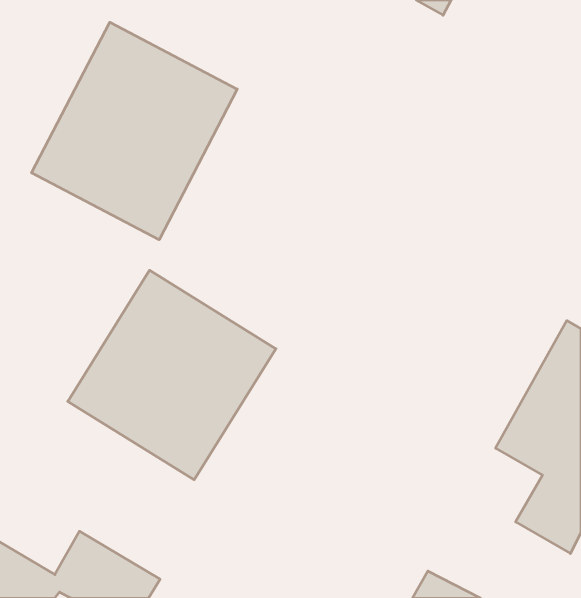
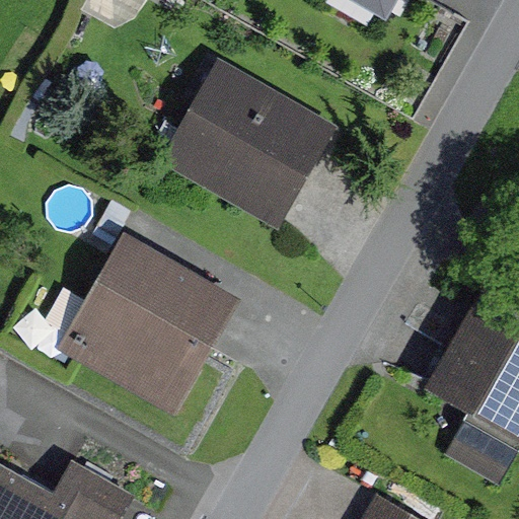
building: [32,22,237,240] -> none
building: none -> [167,59,328,216]

